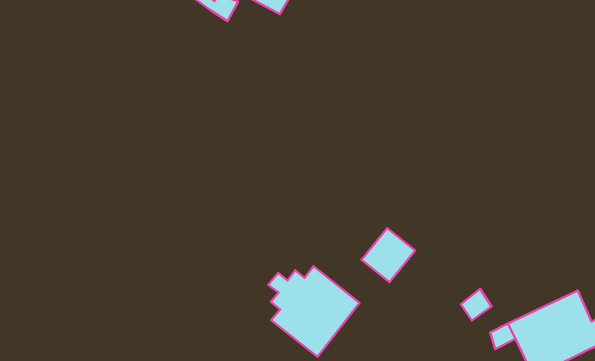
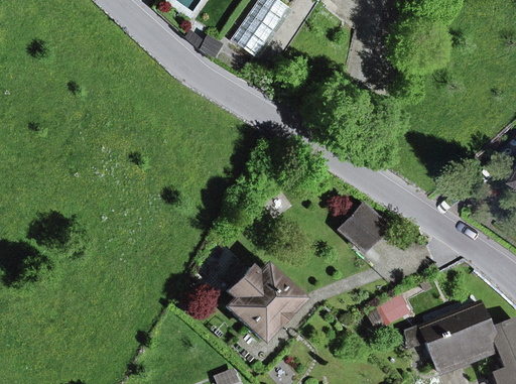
building: [362,228,415,282] -> [342,206,386,250]

